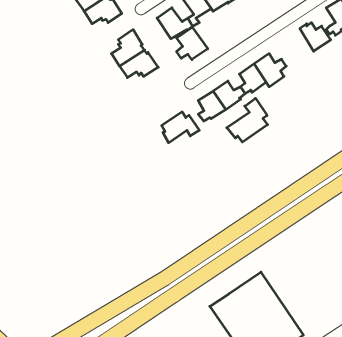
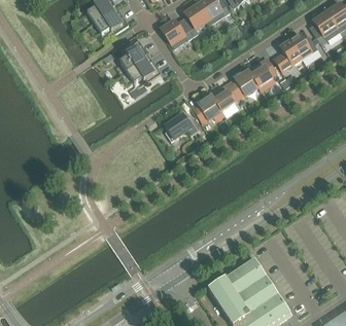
building: [176,27,208,60] -> none
building: none -> [274,38,302,70]
building: [227,98,268,142] -> none

